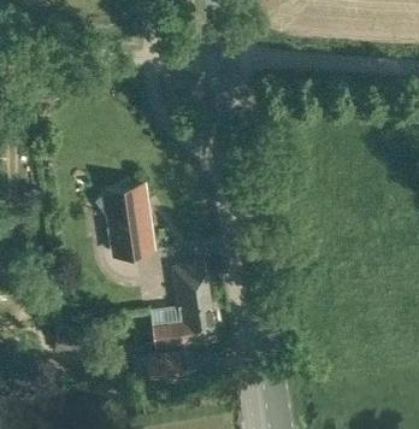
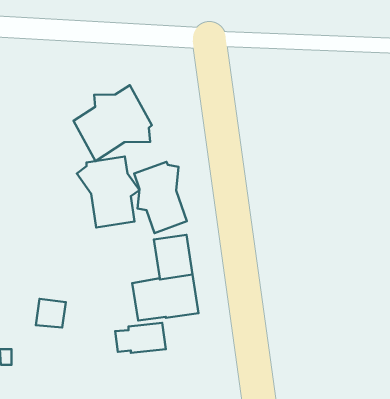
building: none -> [74,85,152,161]
building: none -> [134,162,187,233]

